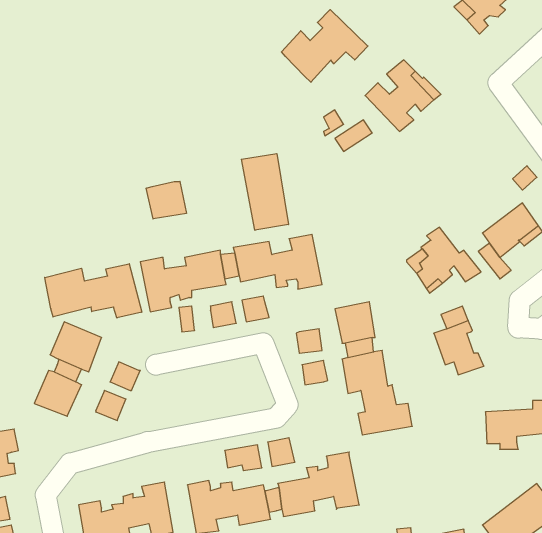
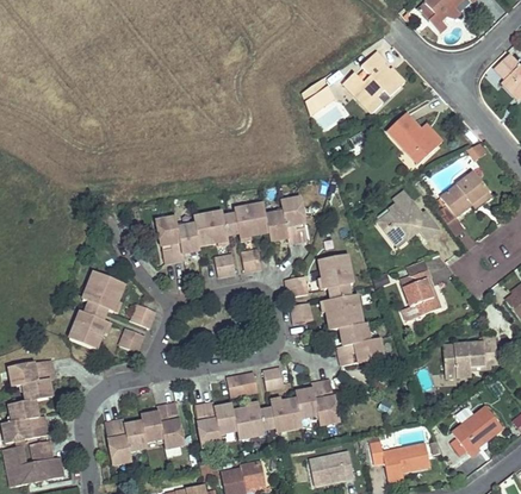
building: [281,10,368,82] -> none
building: none -> [387,112,444,163]
building: [241,154,288,230] -> none
building: [146,181,186,219] -> none
building: [45,264,142,318] -> none

